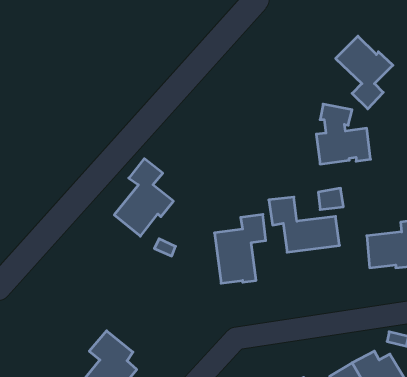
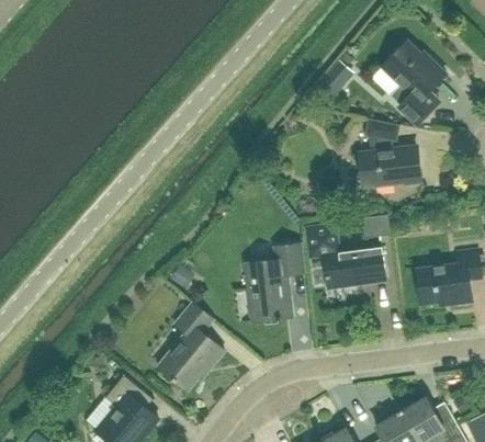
building: none -> [315,58,353,100]
building: [114,159,173,236] -> [157,303,224,390]

